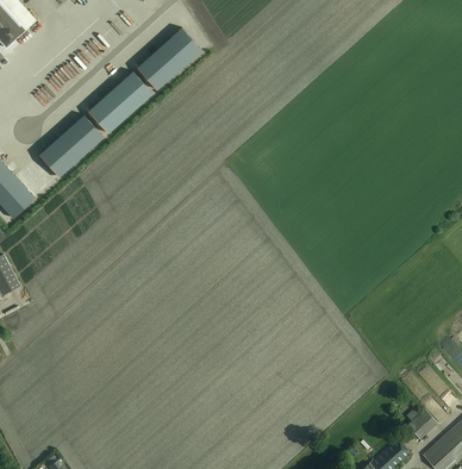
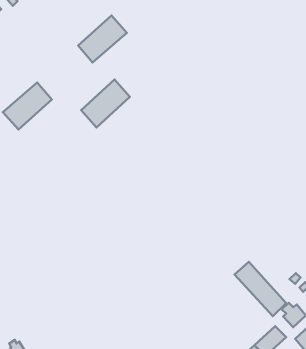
building: [88,70,152,133] -> [81,80,130,127]
building: none -> [235,262,286,316]

